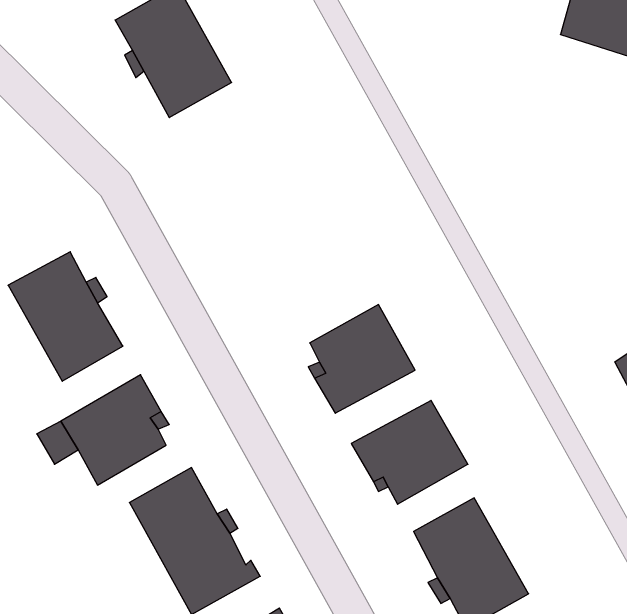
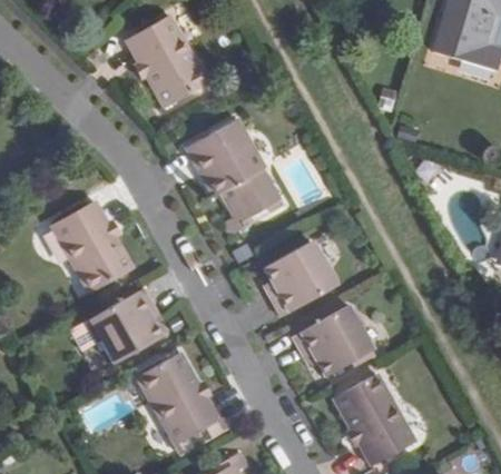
building: none -> [185,118,273,235]

